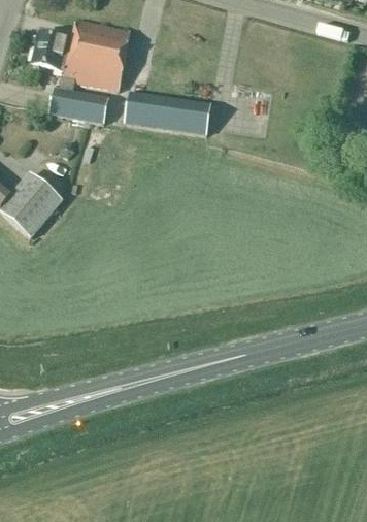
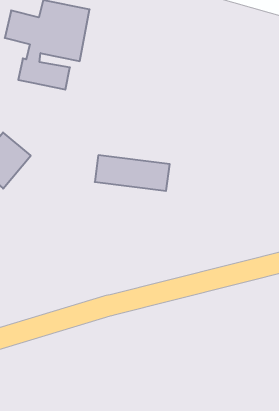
building: [126,93,212,134] -> [95,155,170,191]

